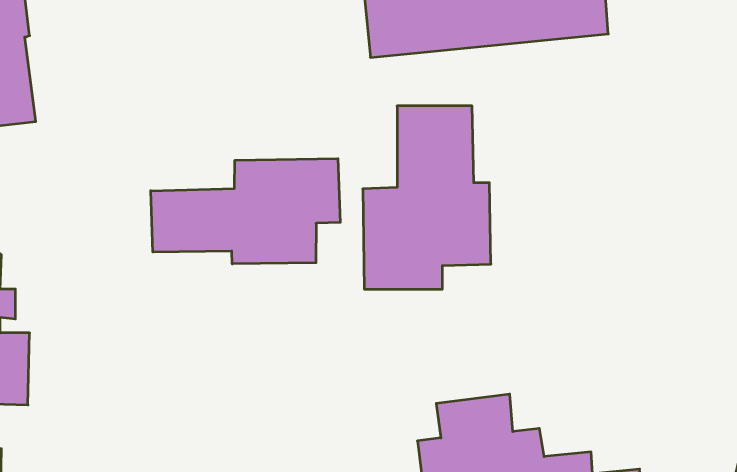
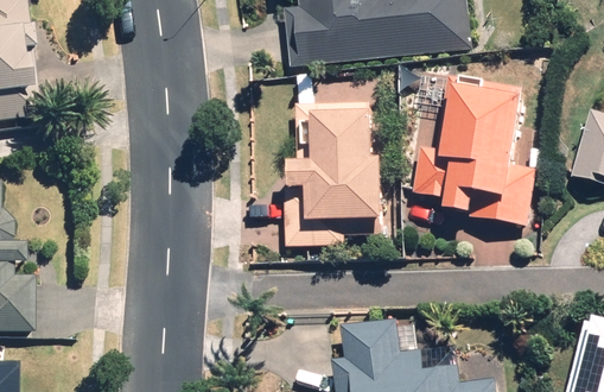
building: none -> [412,78,536,223]
building: [151,159,340,264] -> none

